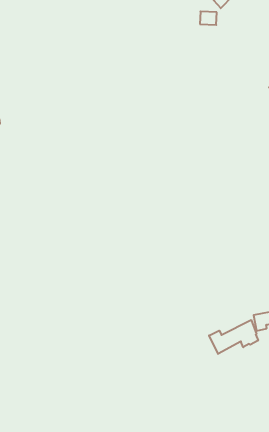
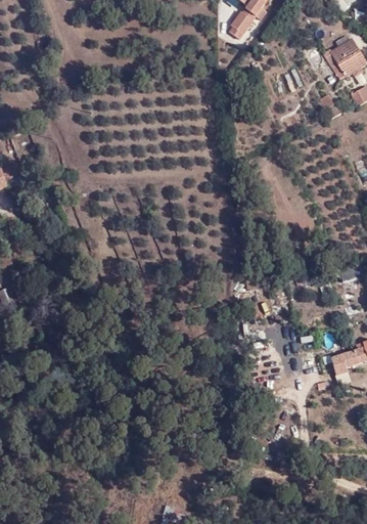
building: [209,320,258,354] -> none

